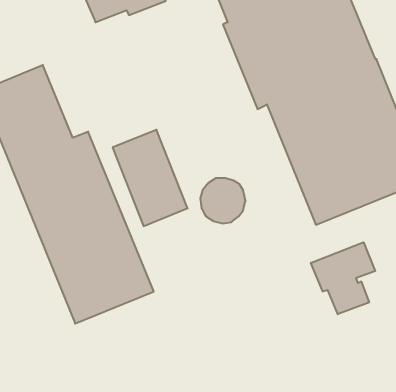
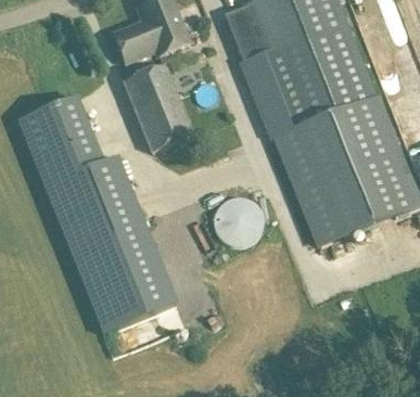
building: [113,130,188,226] -> [122,61,190,149]
building: [311,242,375,314] -> none

